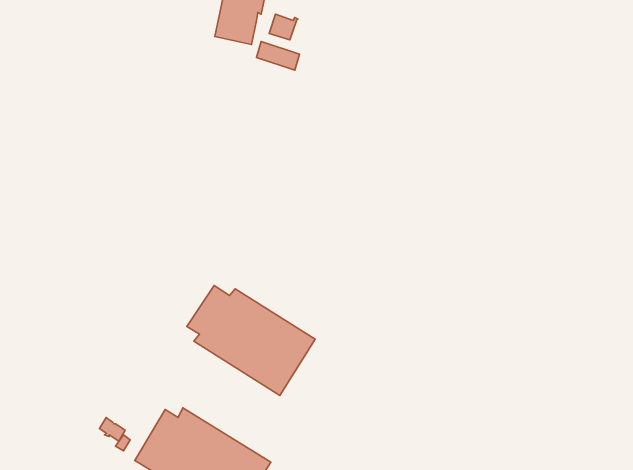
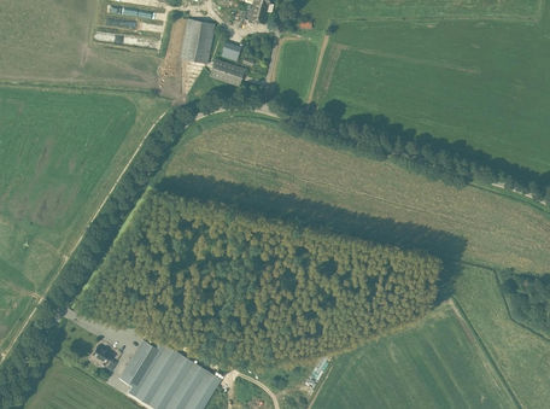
building: [187,286,315,396] -> none

